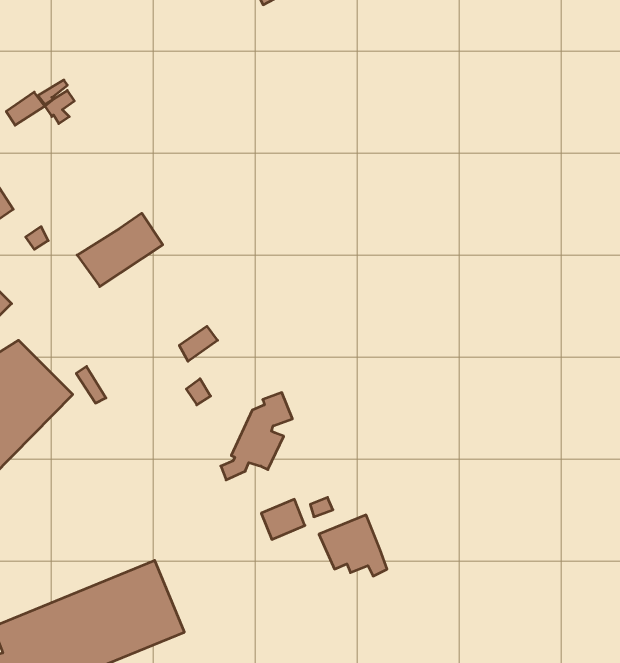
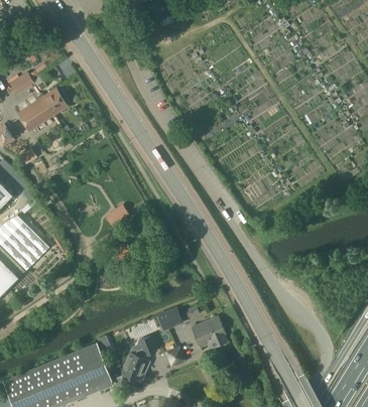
building: [77,213,163,287] -> [17,89,67,131]
building: [221,393,292,480] -> [114,336,155,387]

